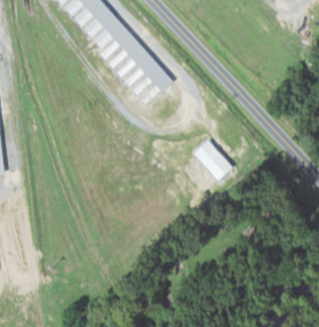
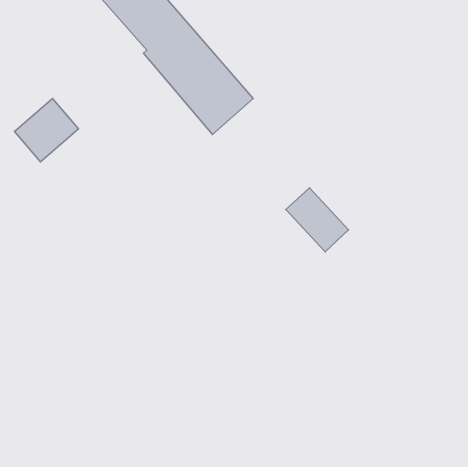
building: none -> [15,99,79,162]

